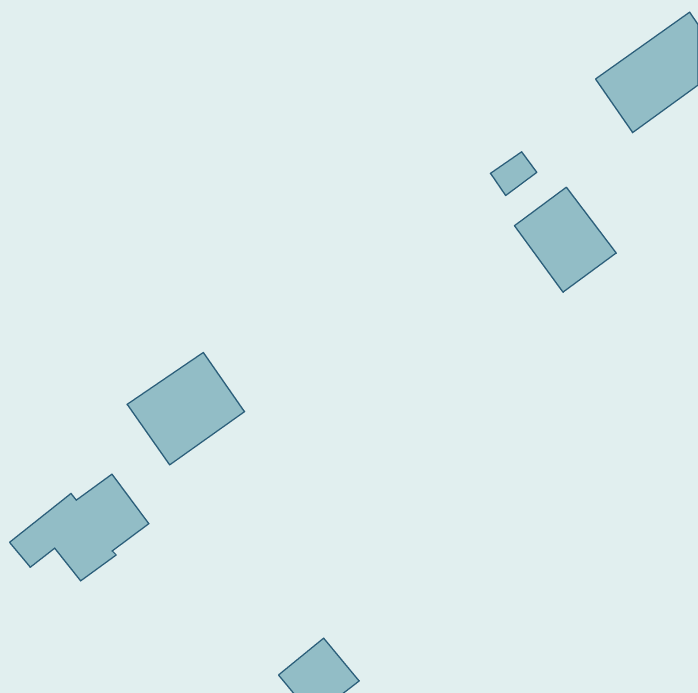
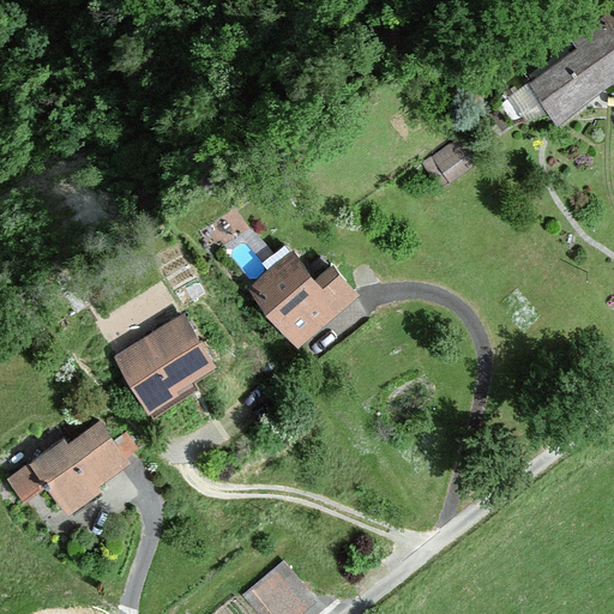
building: [515,187,616,292] -> none
building: none -> [247,251,361,349]

